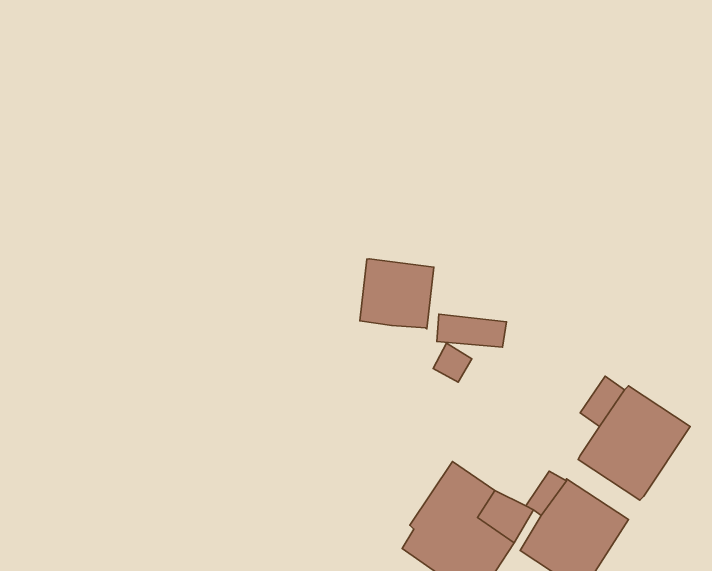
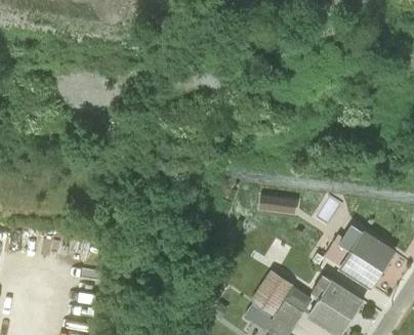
building: [360,259,434,329] -> none

